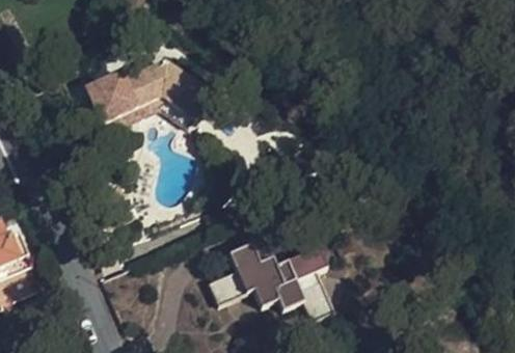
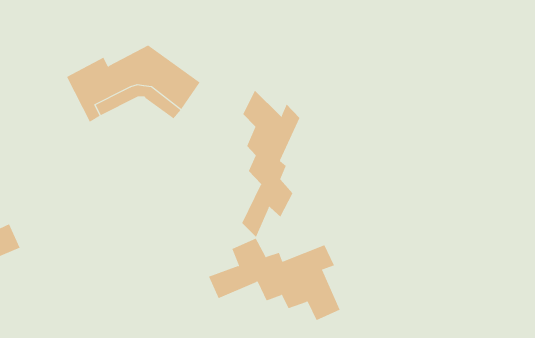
building: none -> [241,90,300,238]

